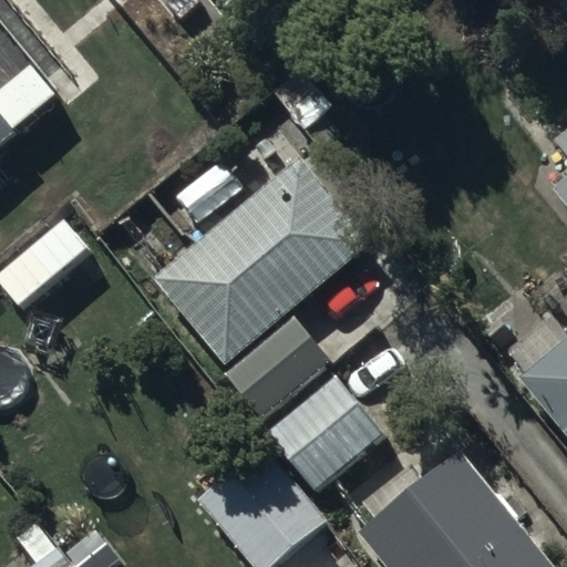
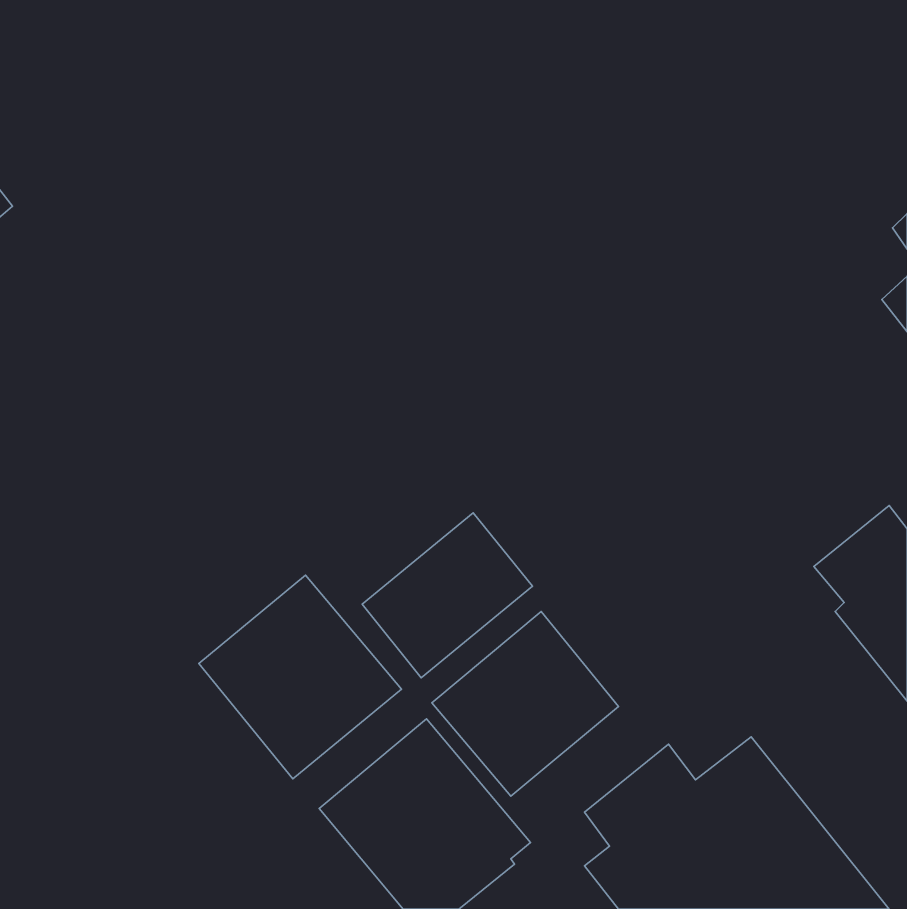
building: [156,157,371,367] -> none
building: none -> [199,575,402,779]

